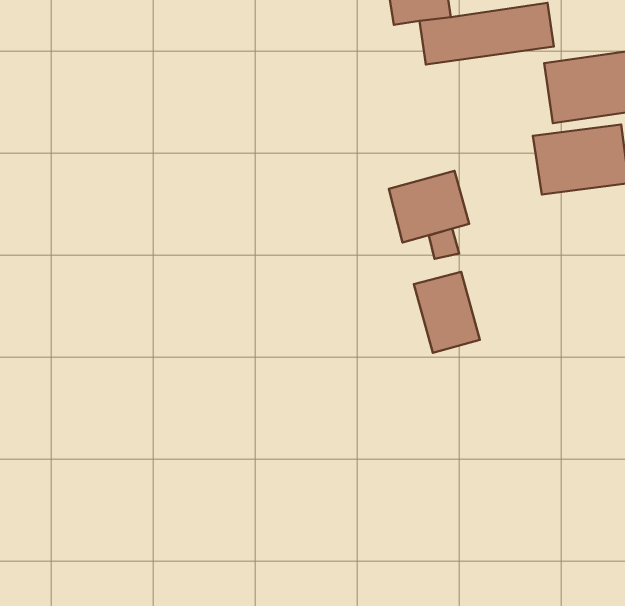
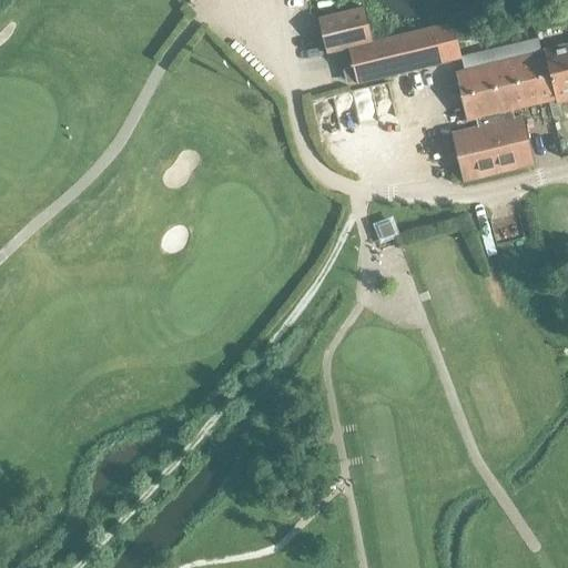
building: [389,171,469,242] -> none
building: [414,272,480,353] -> none

